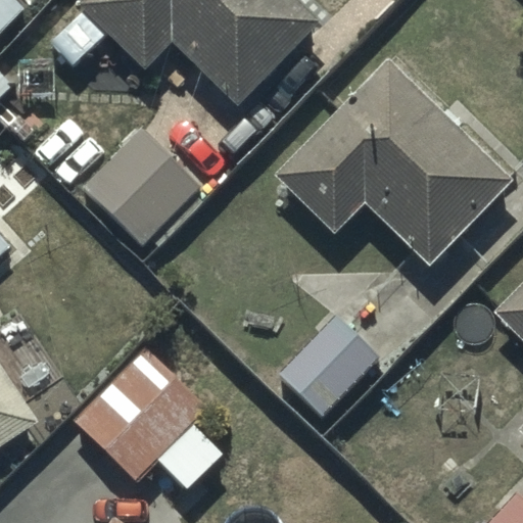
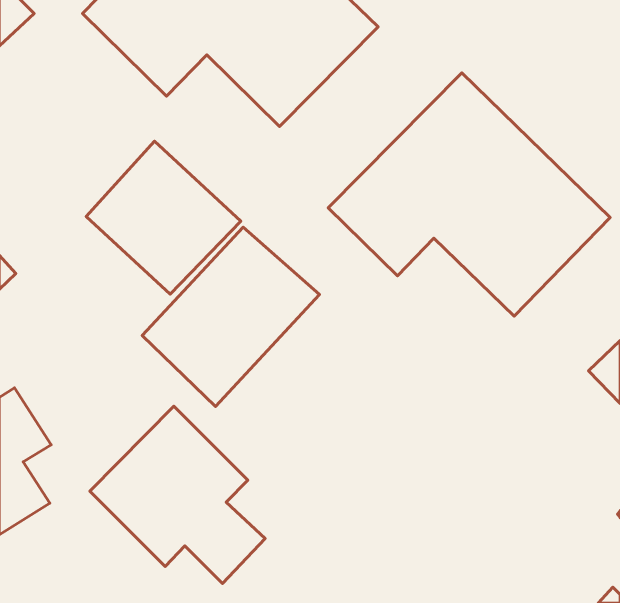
building: none -> [142,227,320,406]
building: [279,311,387,419] -> none

